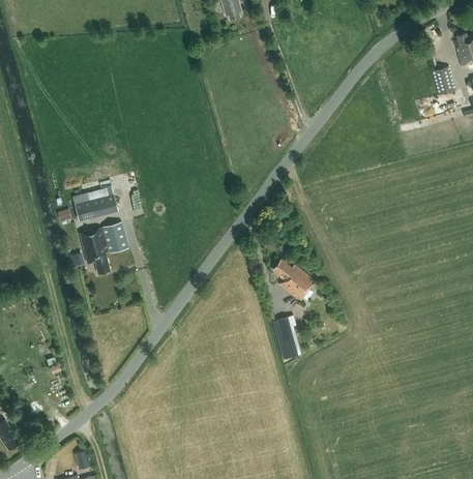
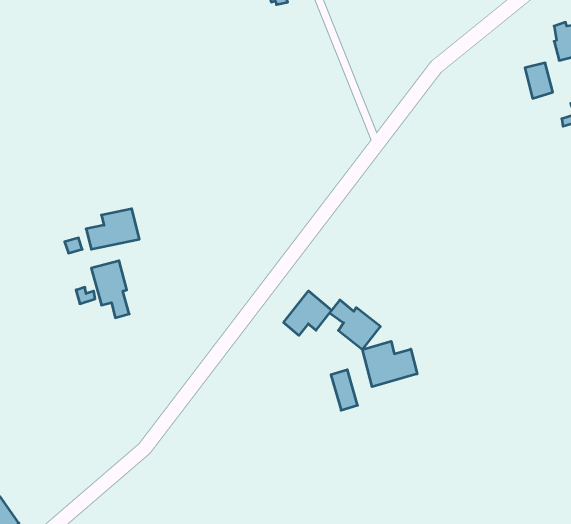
building: [102,222,128,253] -> none
building: none -> [284,291,332,335]
building: none -> [363,341,417,387]

